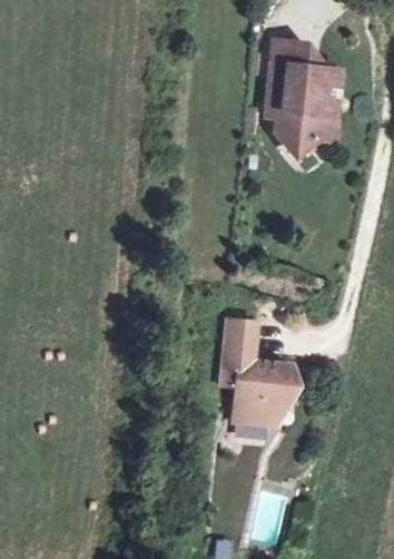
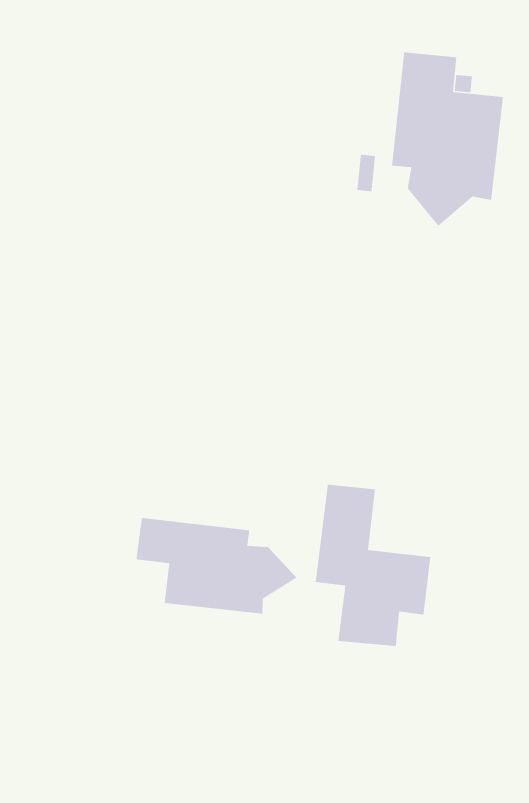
building: none -> [136,517,298,614]

